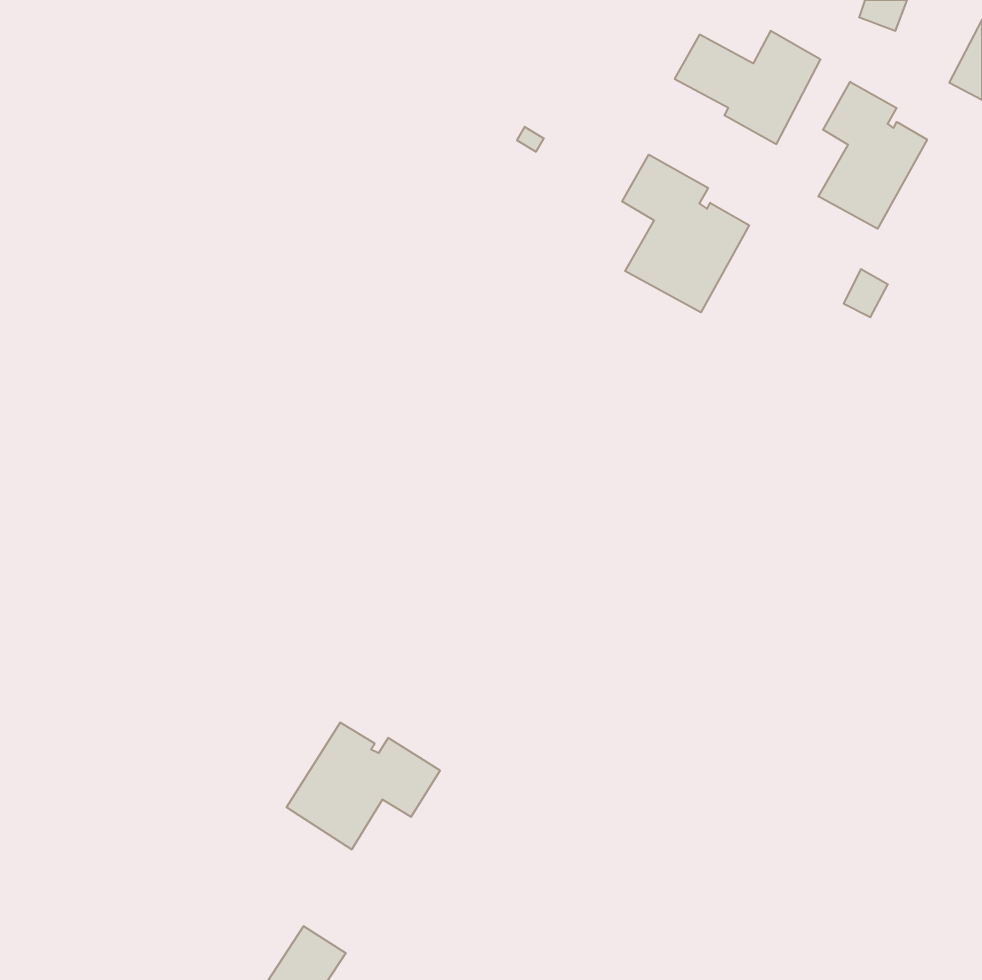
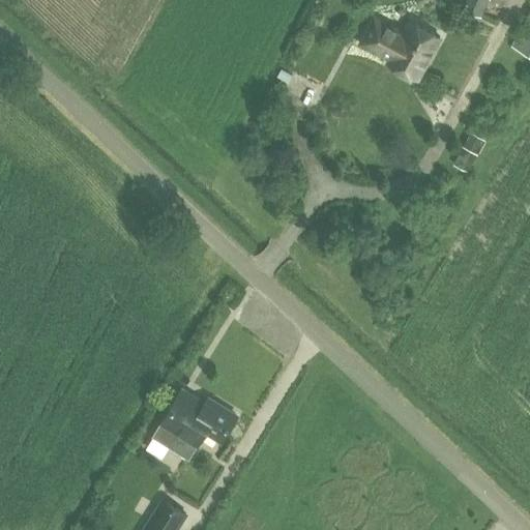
building: [818,82,927,229] -> none
building: [622,155,749,312] -> none

